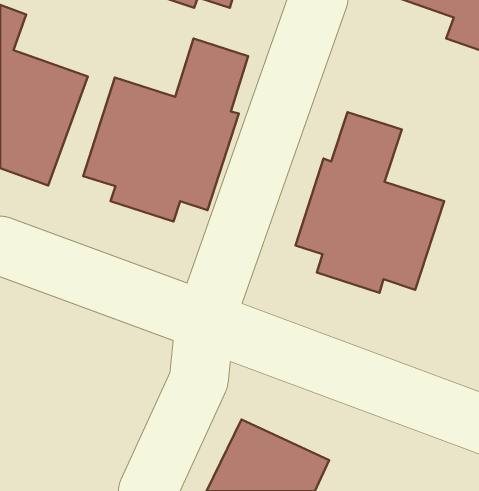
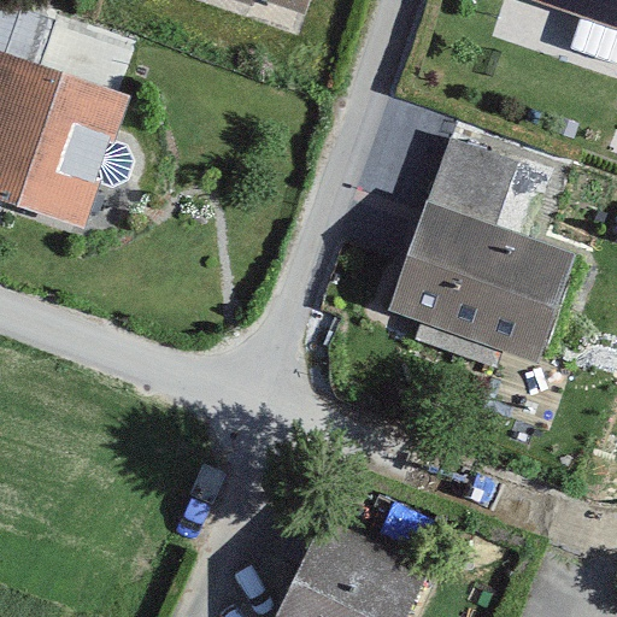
building: [83,39,248,221] -> none

